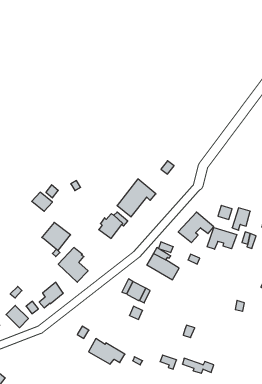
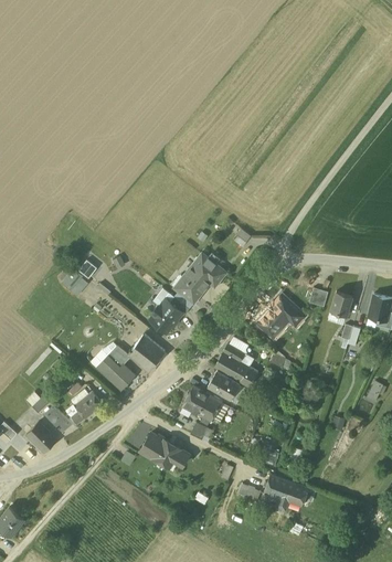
building: [42,222,71,251] -> [127,335,166,372]
building: [207,228,237,249] -> none
building: none -> [208,371,240,401]
building: [89,339,125,364] -> [140,433,189,467]
building: none -> [264,475,308,501]

